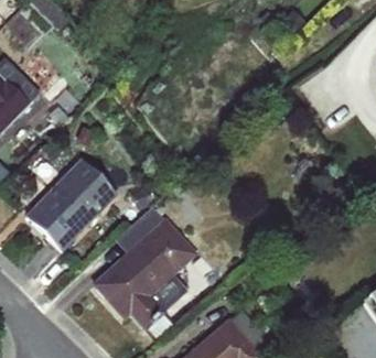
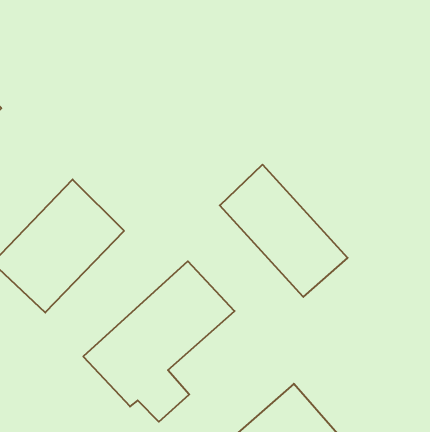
building: none -> [220,165,348,297]

